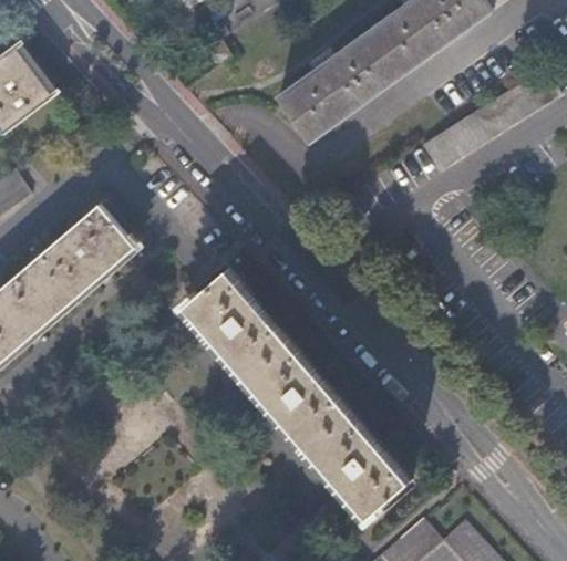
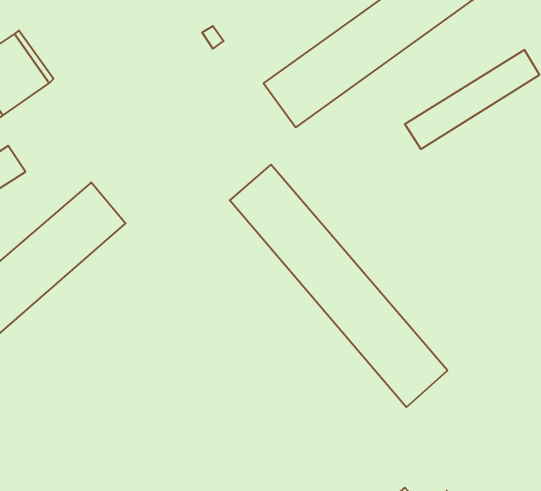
building: [182,268,405,517] -> [230,165,447,407]

